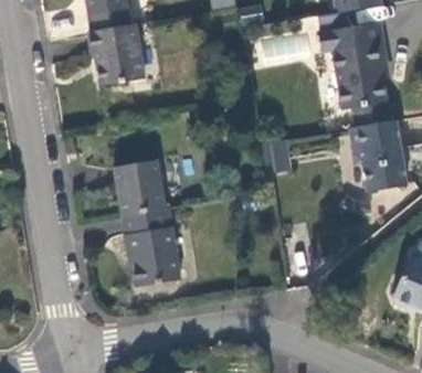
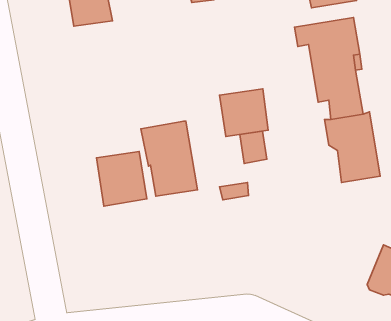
building: [88,25,144,86] -> none
building: none -> [220,89,268,136]
building: [122,210,180,287] -> [141,121,198,196]

